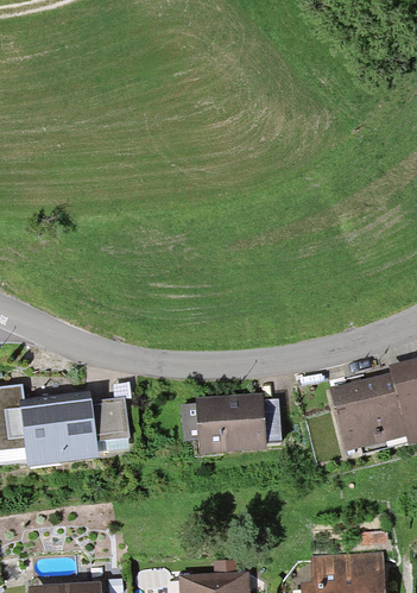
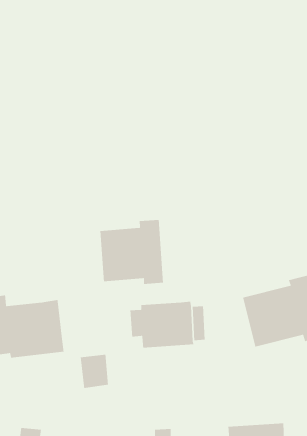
building: none -> [99,219,164,285]
building: [91,397,129,442] -> [80,354,109,389]

